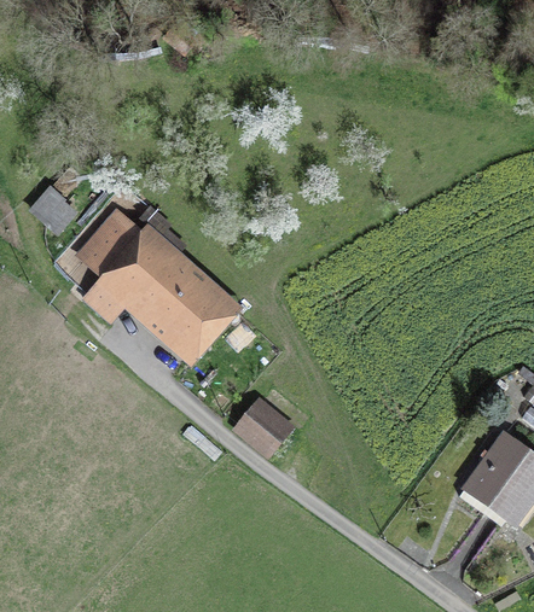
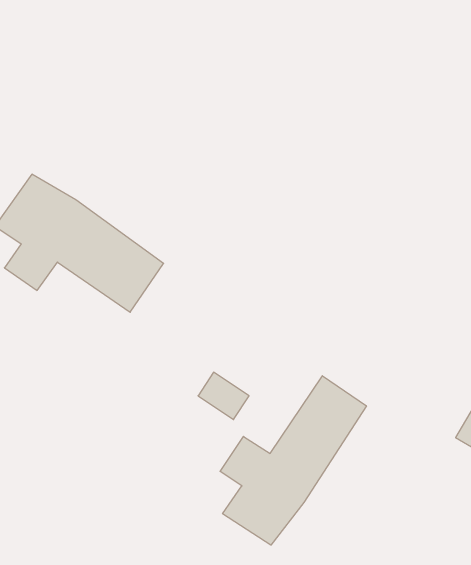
building: none -> [220,376,366,545]

